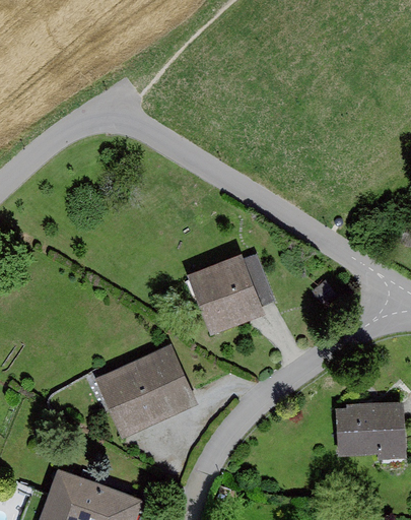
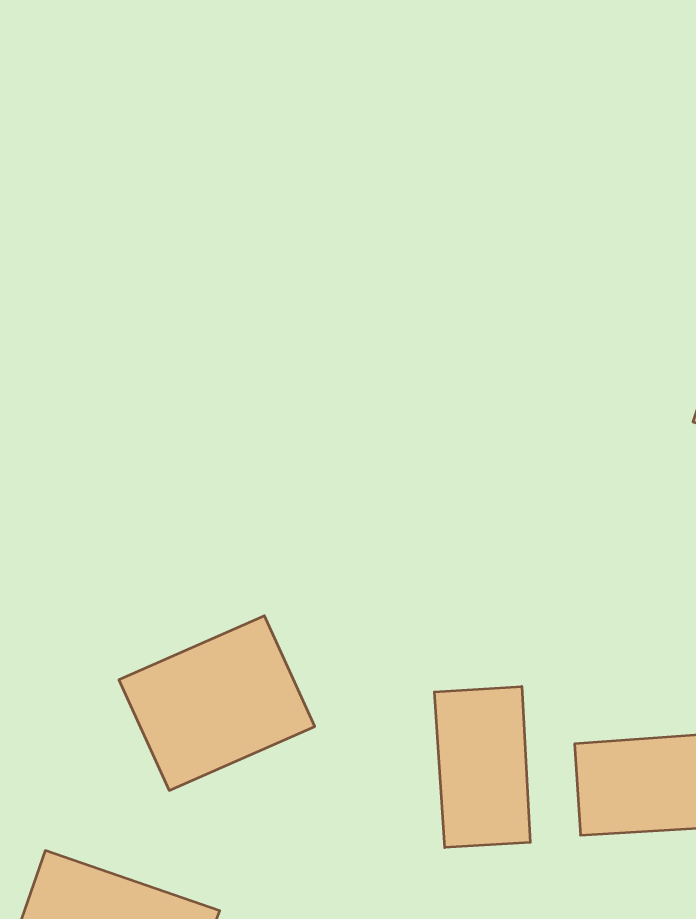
building: [185,254,269,336] -> none
building: none -> [434,686,530,848]

